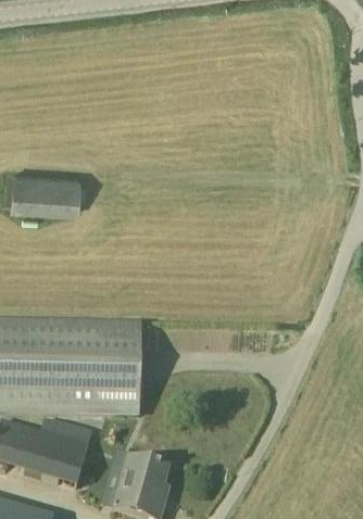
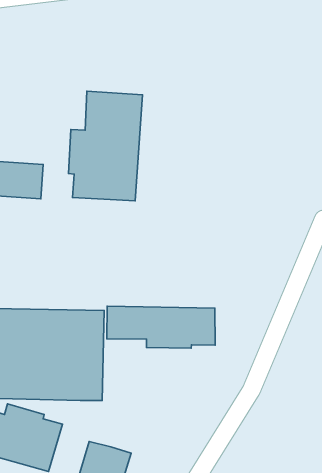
building: none -> [68,91,142,201]
building: none -> [107,306,215,348]

